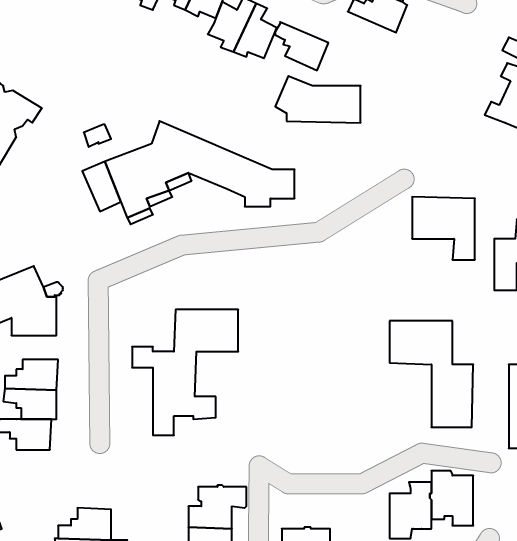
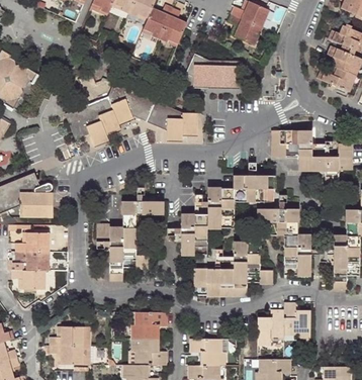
building: [275,22,328,70] -> [229,14,262,44]
building: none -> [181,175,274,255]
building: none -> [193,242,273,295]

